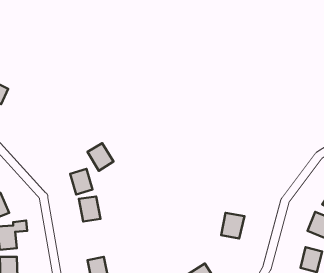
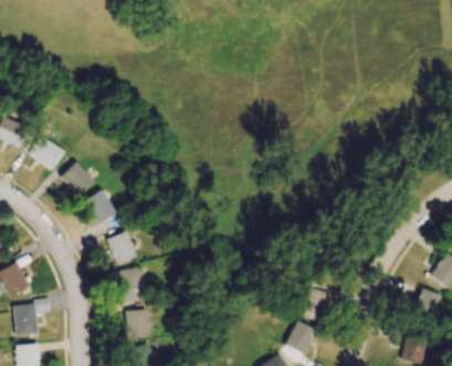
building: none -> [28,135,64,169]
building: none -> [60,161,95,196]
building: [88,143,114,171] -> [83,189,116,224]
building: none -> [126,310,149,338]
building: none -> [286,321,316,354]

